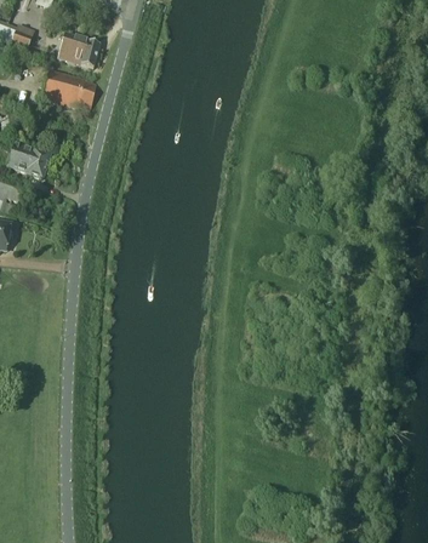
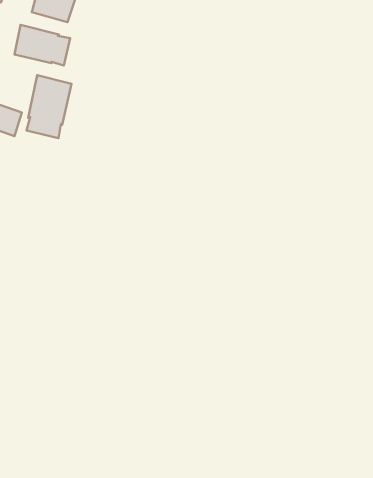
building: none -> [27,75,72,138]

